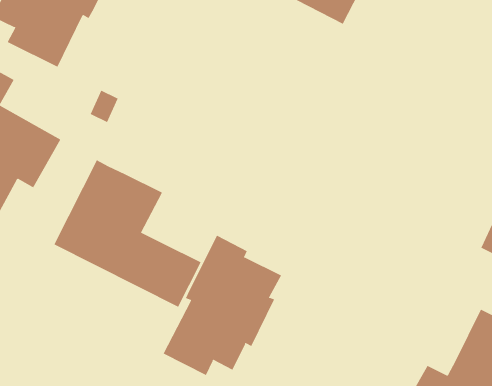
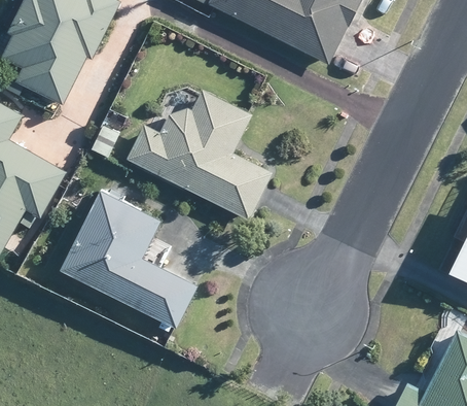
building: none -> [127,91,272,219]
building: [163,235,282,376] -> none

